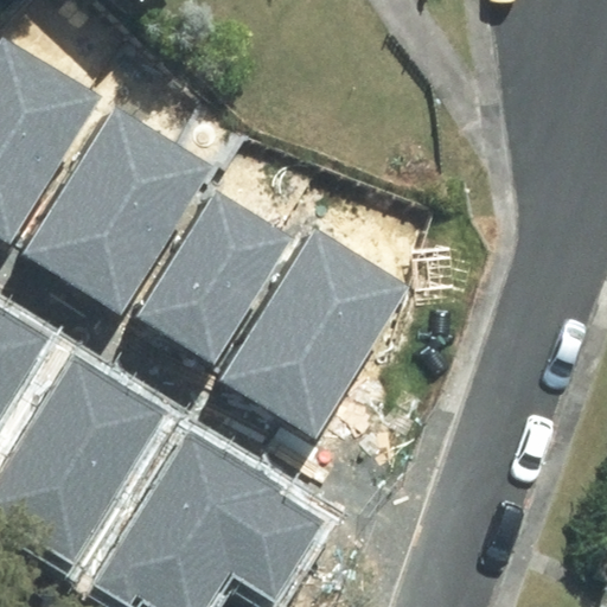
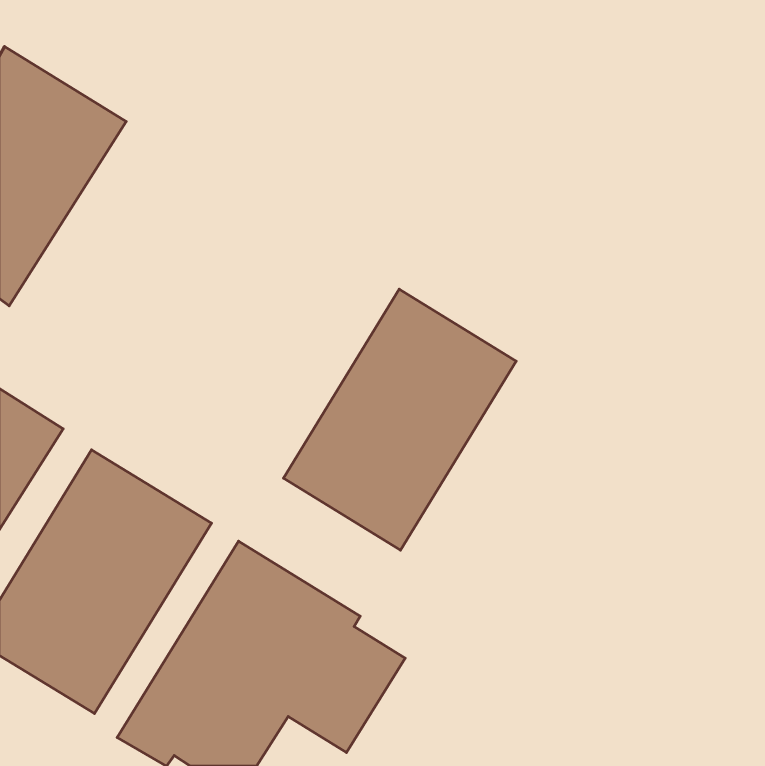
building: [21,108,209,313] -> none
building: [139,191,292,362] -> none

